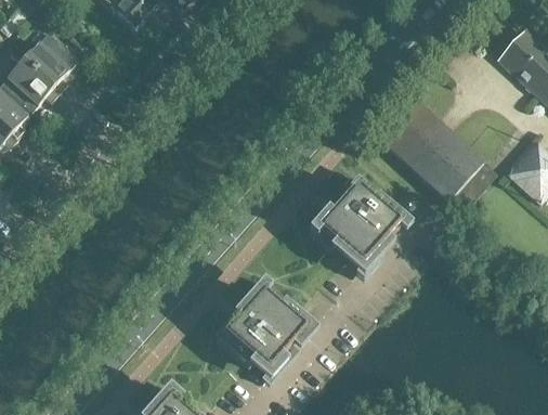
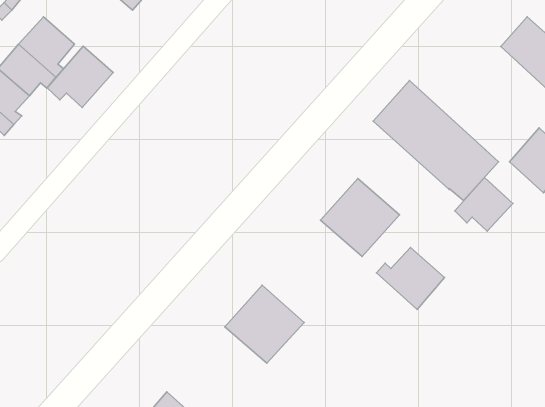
building: none -> [47,46,113,107]
building: none -> [455,177,513,231]
building: none -> [376,247,445,309]

